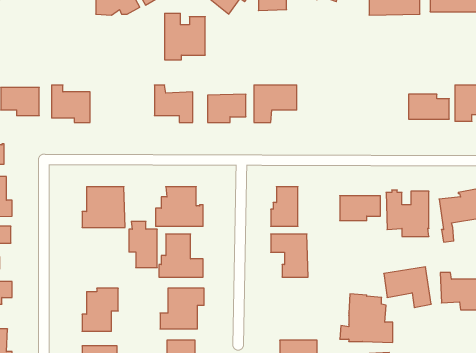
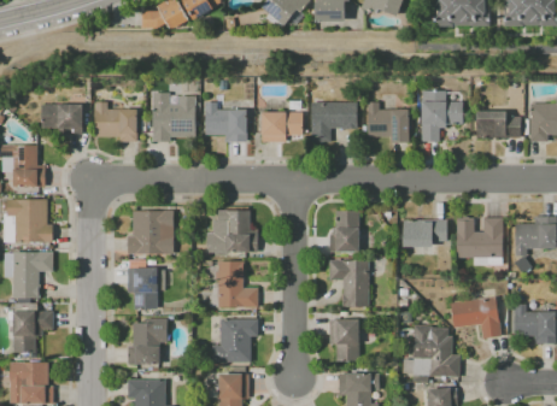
building: [165,13,205,60] -> [152,93,195,142]
building: none -> [421,92,462,142]
building: none -> [367,102,409,142]
building: [129,221,157,268] -> [127,260,157,310]
building: none -> [329,319,359,361]

